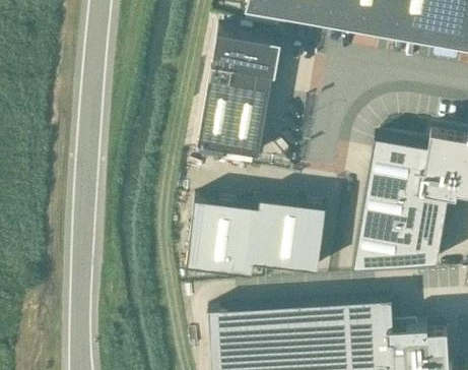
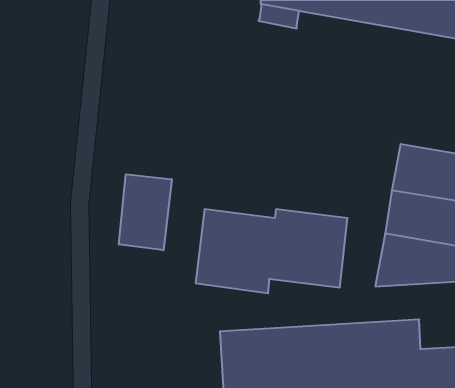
building: [199,30,282,159] -> none
building: none -> [119,174,172,250]

